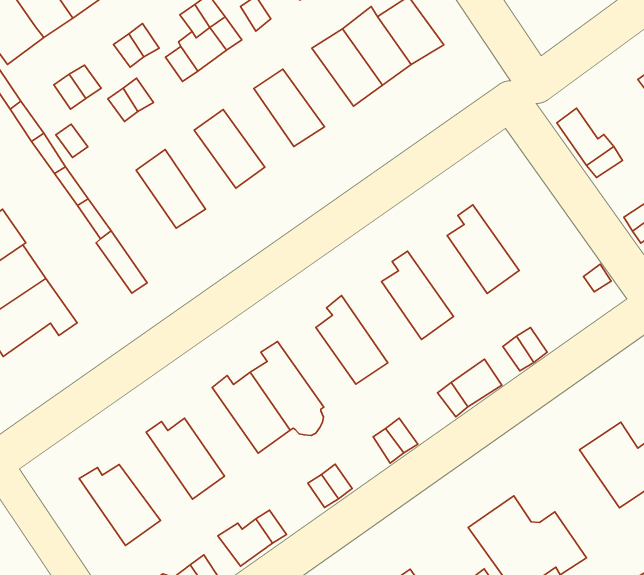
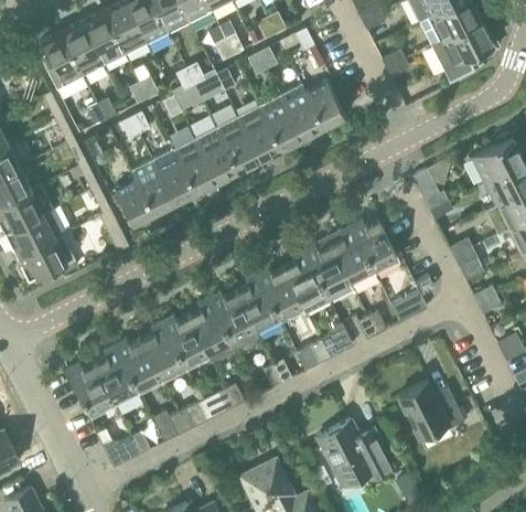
building: none -> [238,107,281,160]
building: none -> [195,128,238,181]
building: none -> [153,150,196,203]
building: none -> [114,178,153,224]
building: none -> [351,218,399,273]
building: none -> [303,243,352,297]
building: none -> [256,267,304,321]
building: none -> [391,290,428,322]
building: none -> [210,291,257,350]
building: none -> [141,321,186,381]
building: none -> [94,344,139,404]

